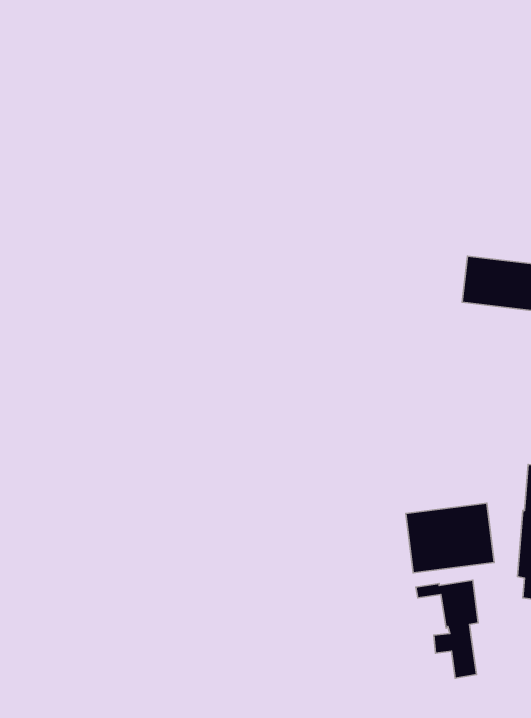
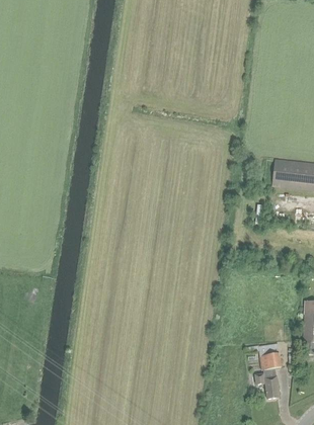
building: [406,503,494,573] -> none

